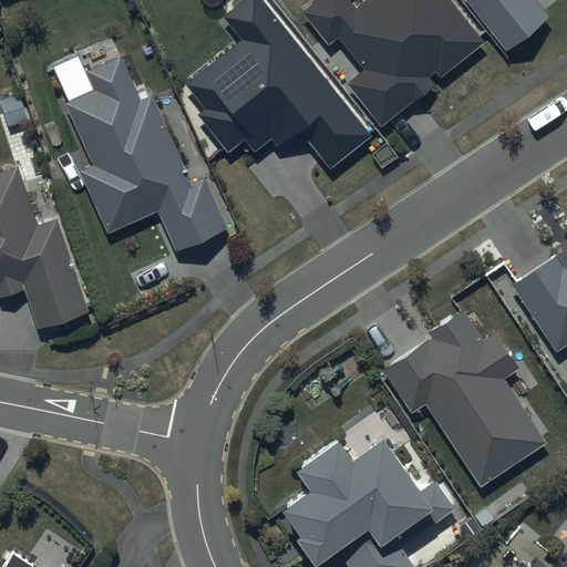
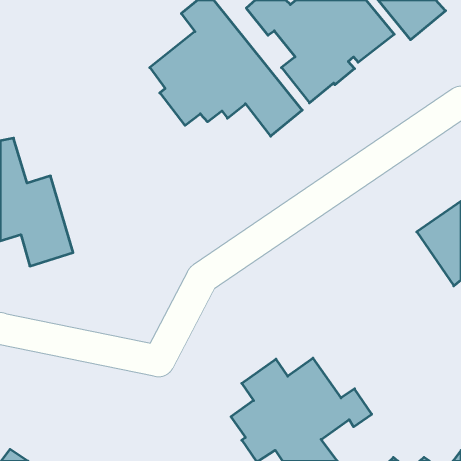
building: [64,55,227,249] -> none
building: [383,305,545,484] -> none

